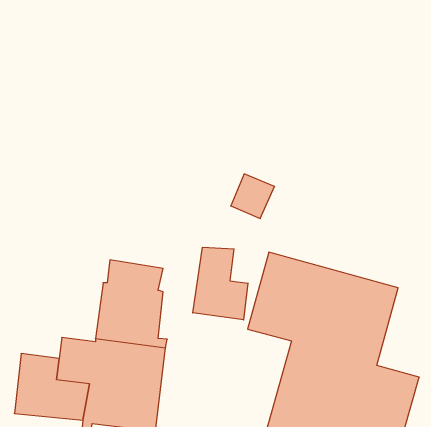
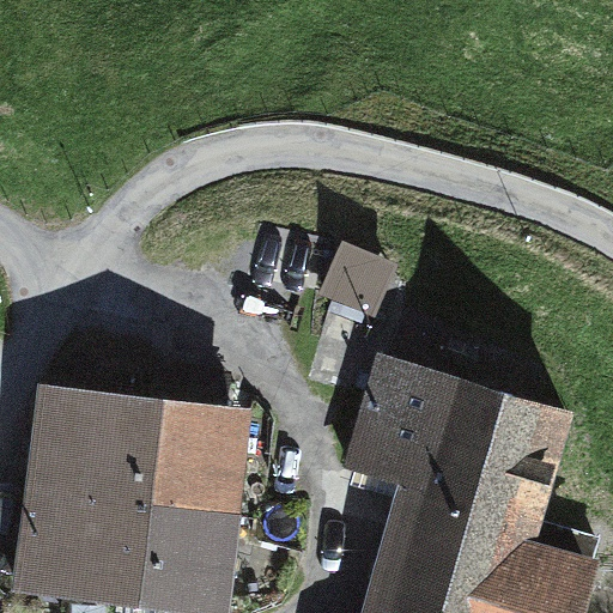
building: [193,247,248,320] -> none
building: none -> [30,368,146,515]

